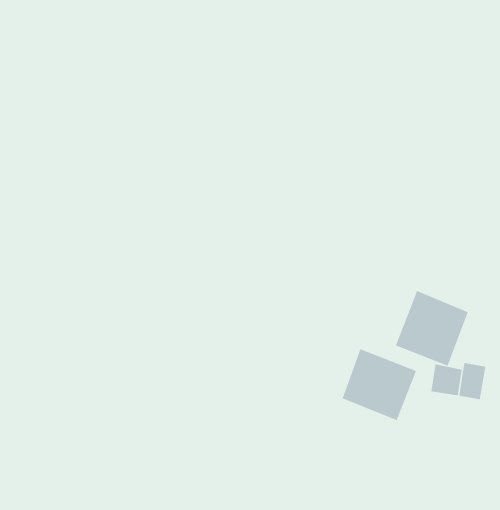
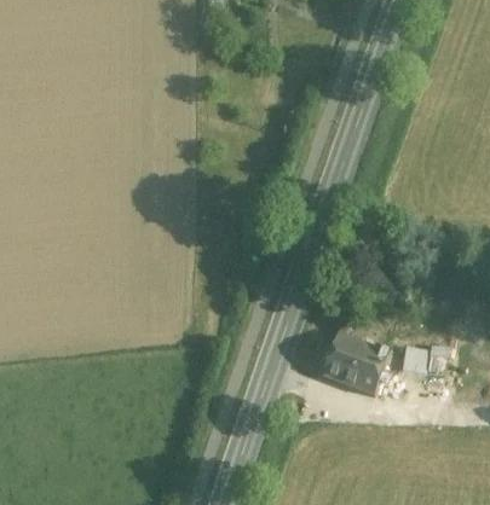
building: [395,290,469,366] -> none

